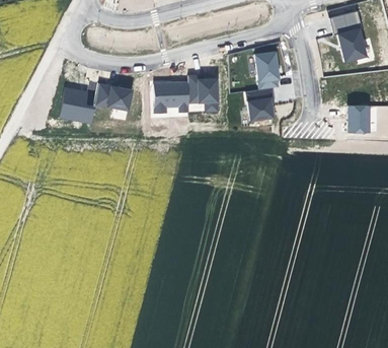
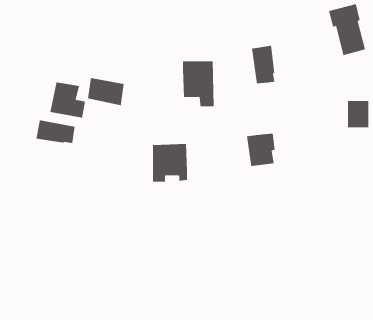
building: [155,75,189,113] -> [152,144,188,182]
building: [246,88,275,121] -> [246,133,275,167]
building: none -> [36,119,75,144]

